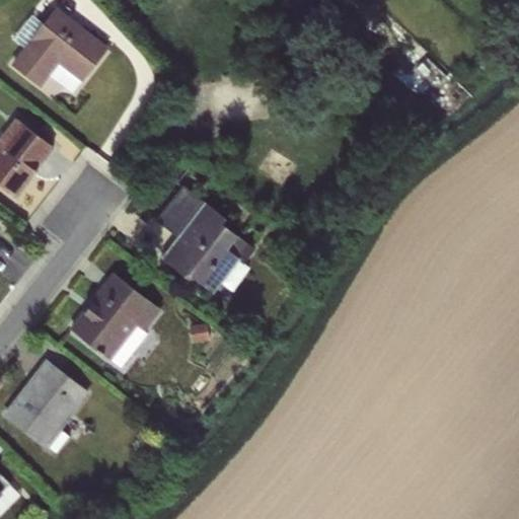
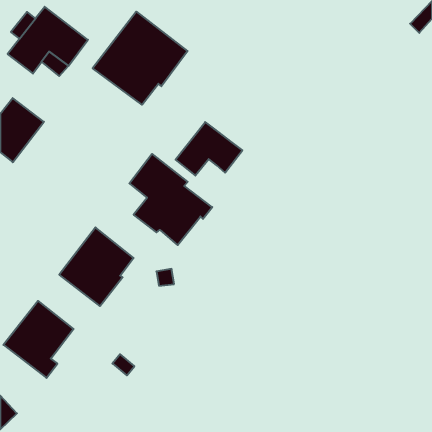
building: none -> [93,12,188,105]
building: none -> [176,122,242,176]

